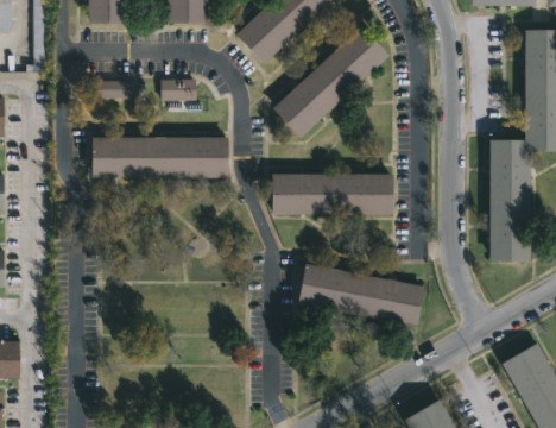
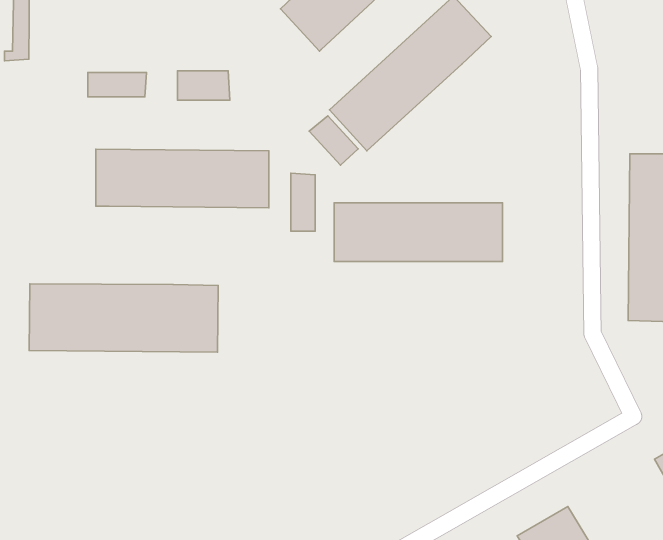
building: none -> [309,116,358,165]
building: none -> [291,173,315,231]
building: none -> [29,284,218,352]
building: [297,263,425,327] -> none

